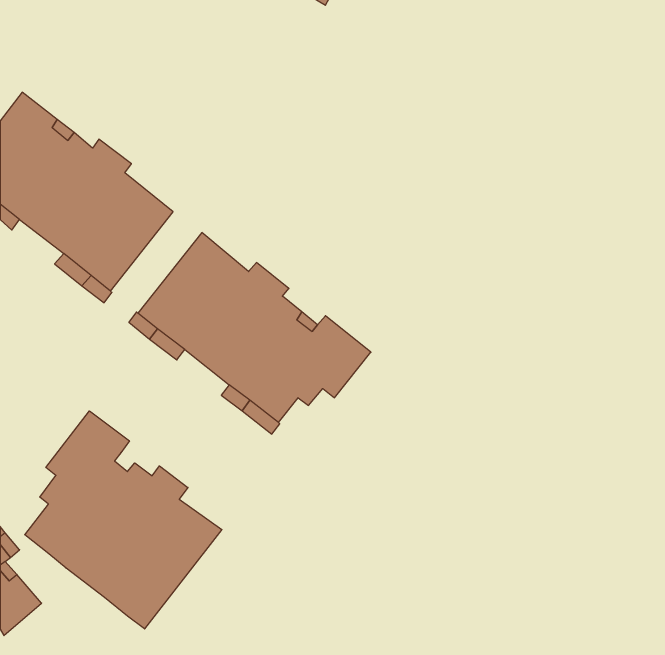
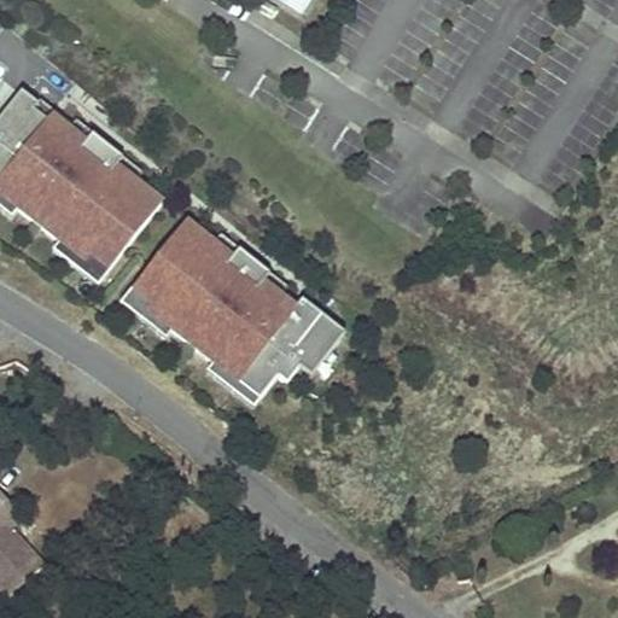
building: [25,411,222,629] -> none

